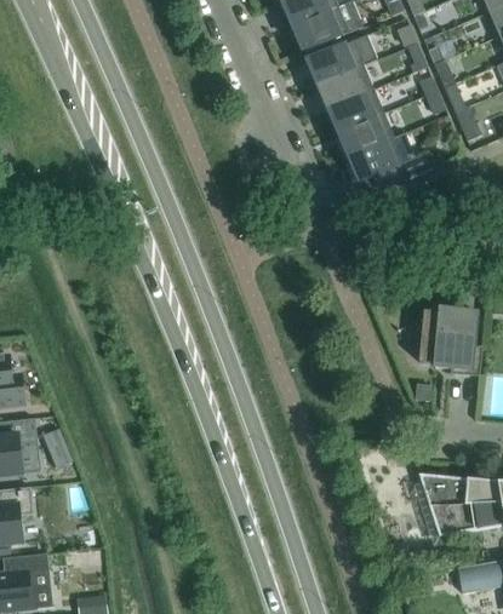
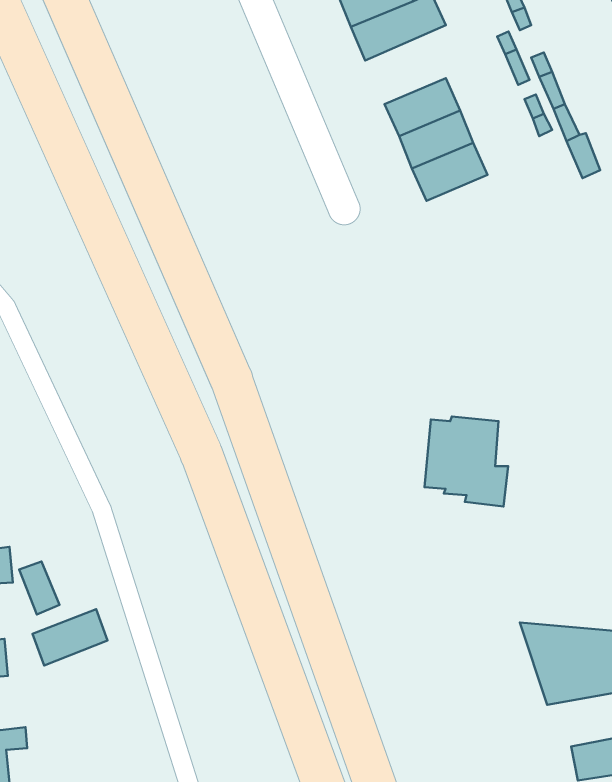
building: [307,35,378,85] -> none
building: [349,138,433,189] -> none
building: [421,309,484,377] -> [424,416,508,507]
building: none -> [33,609,108,665]

